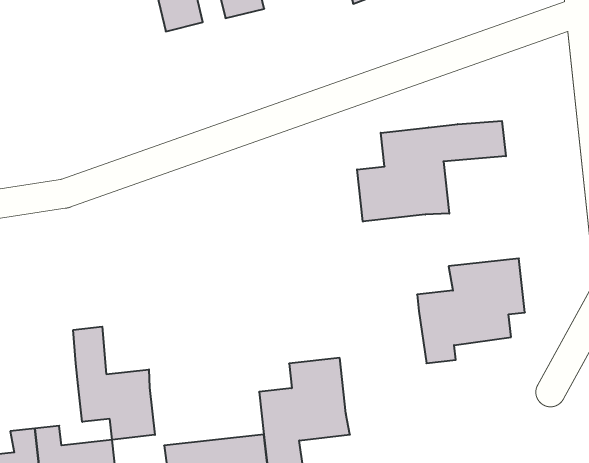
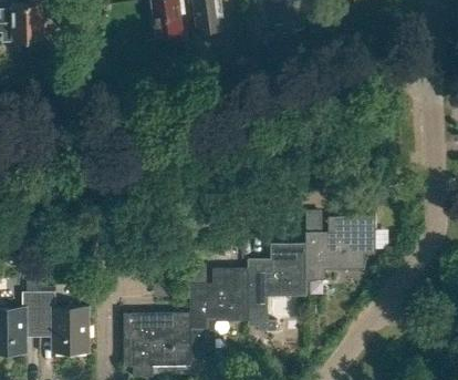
building: [357,121,506,222] -> none
building: none -> [248,243,305,330]
building: [73,327,155,440] -> none

